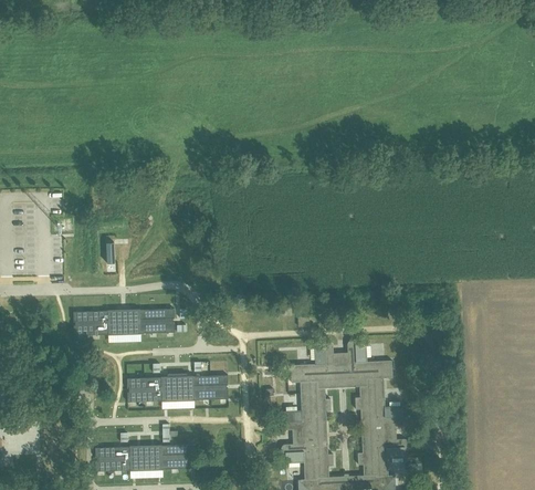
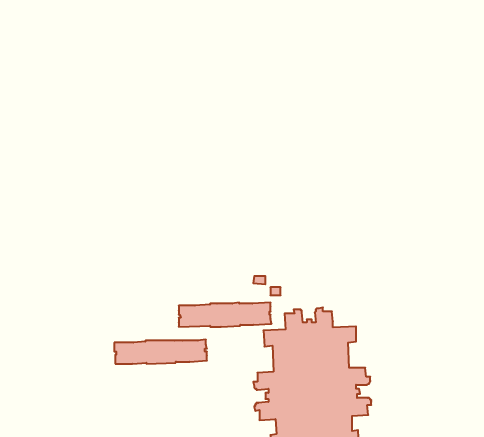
building: [73,309,175,335] -> [179,303,272,327]
building: [95,445,196,471] -> none

